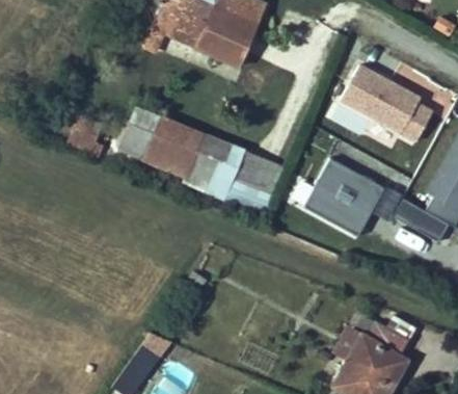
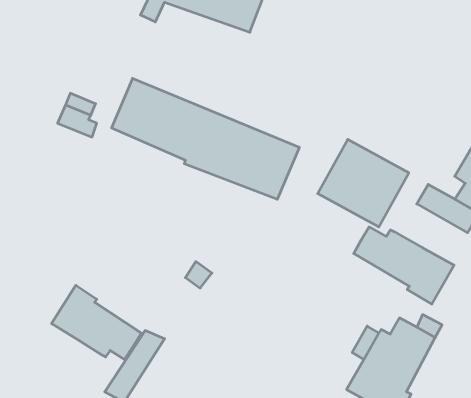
building: [342,63,434,142] -> none
building: none -> [354,227,454,304]
building: none -> [52,285,141,359]

